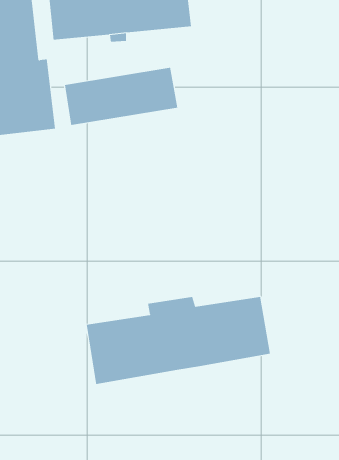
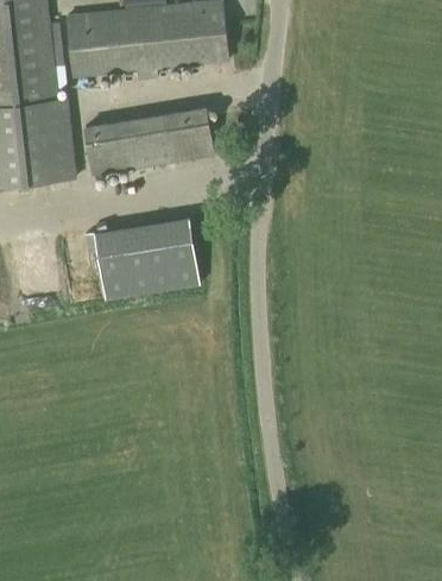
building: none -> [94,216,201,299]
building: [86,296,271,385] -> none

